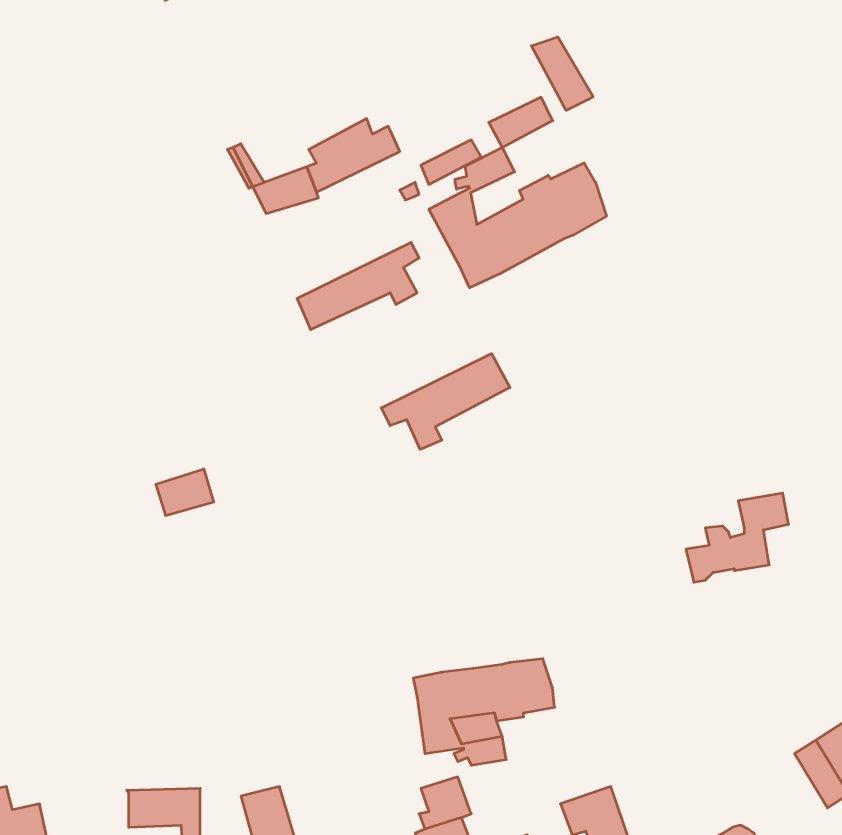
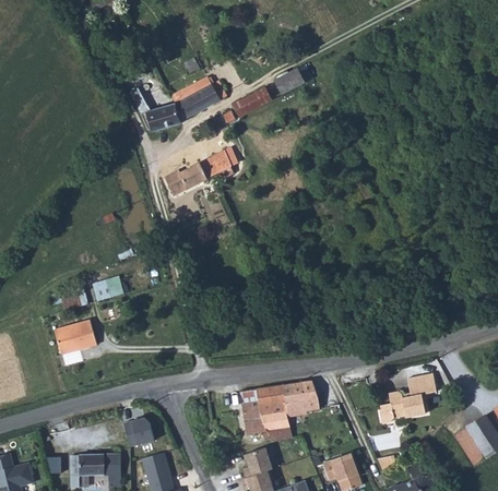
building: [531,37,593,110] -> none
building: [429,148,606,288] -> none
building: [381,354,510,449] -> none
building: [686,493,789,582] -> [377,373,435,423]
building: none -> [61,320,104,355]
building: none -> [121,418,149,448]

